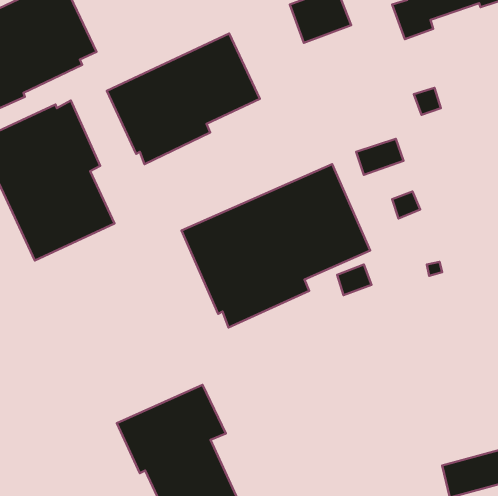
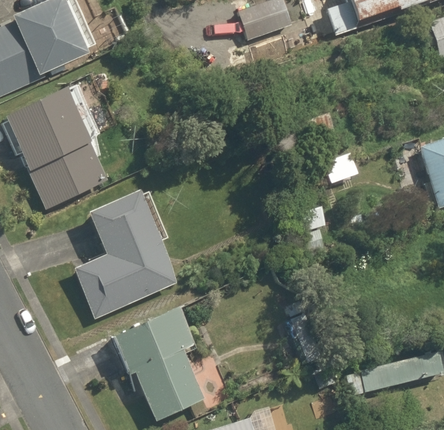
building: [107,34,260,164] -> none
building: [181,164,370,328] -> none
building: none -> [75,193,180,320]

